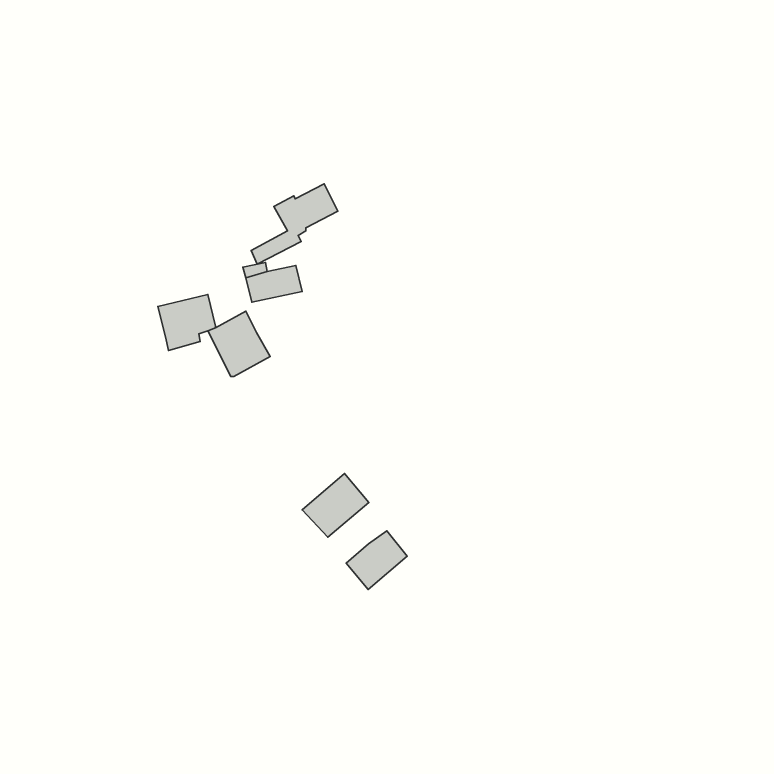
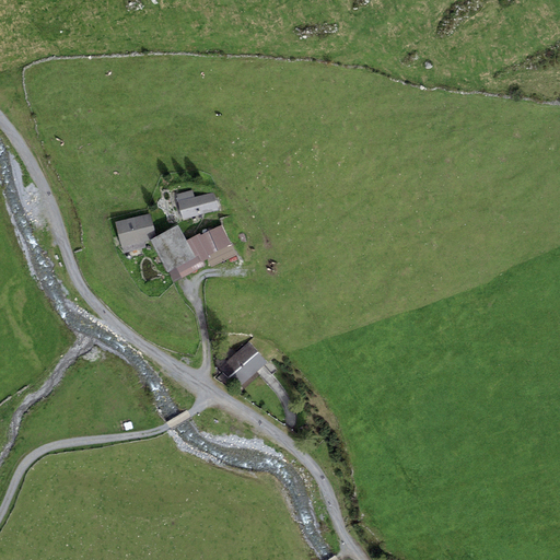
building: [251,184,338,264] -> [168,223,231,281]
building: [346,531,407,590] -> none

